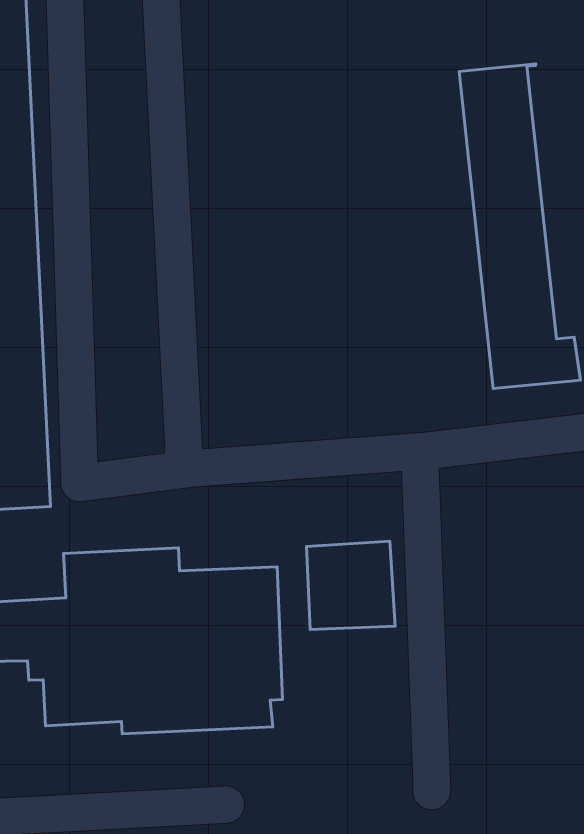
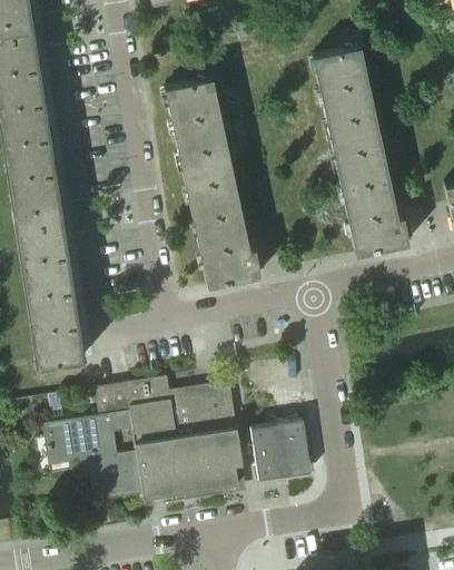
building: none -> [166,78,263,286]
building: [306,541,395,630] -> [251,420,313,481]

